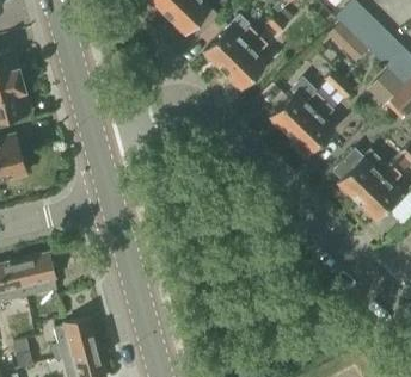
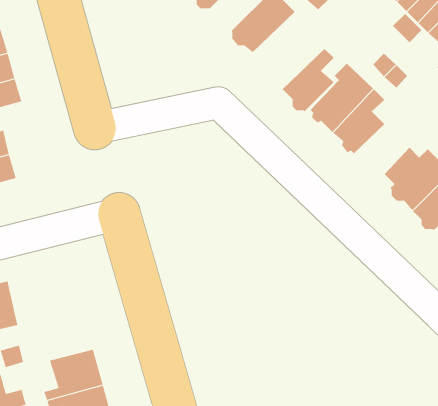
building: [223,35,268,88] -> [282,48,334,112]
building: [18,253,59,297] -> none

